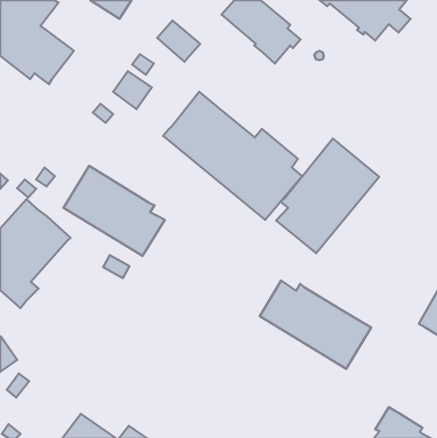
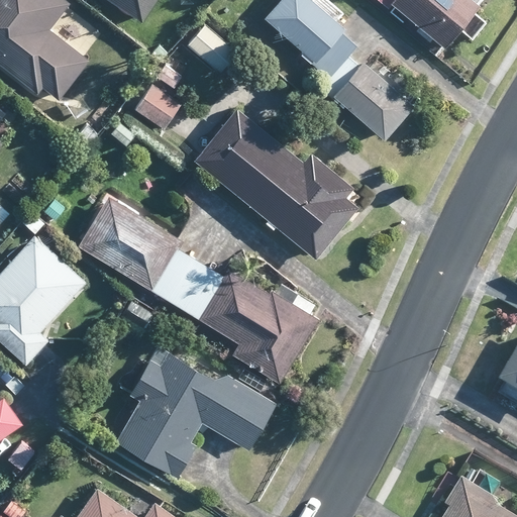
building: none -> [317,55,412,141]
building: [276,139,379,253] -> none
building: none -> [170,260,319,384]
building: [260,281,371,369] -> none
building: none -> [116,352,276,477]

